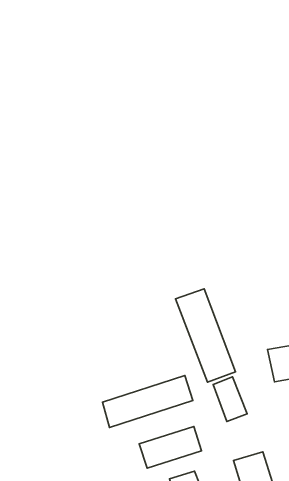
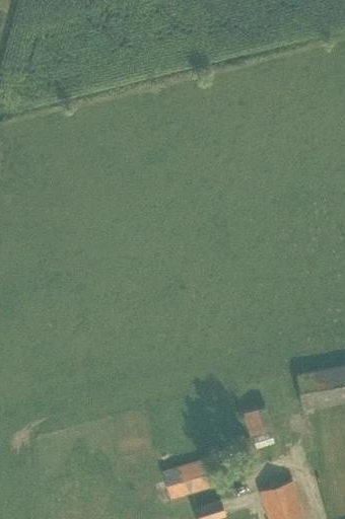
building: [175,289,236,382] -> none
building: [102,376,193,428] -> none

